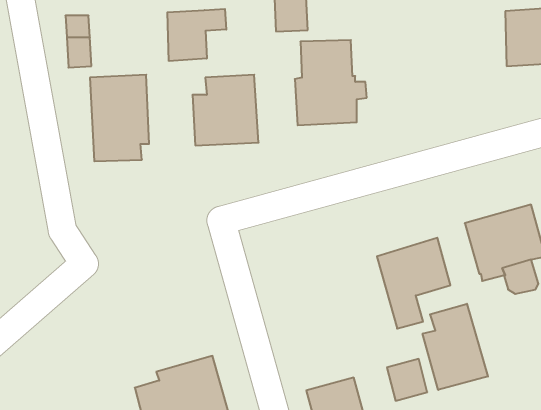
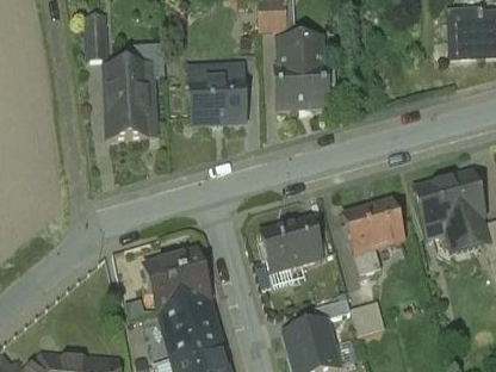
building: [167,9,226,61] -> none
building: none -> [260,215,323,269]
building: none -> [145,246,210,308]
building: [423,304,488,390] -> none

